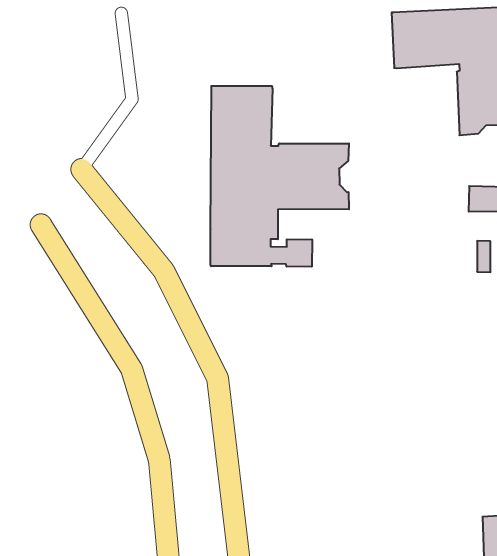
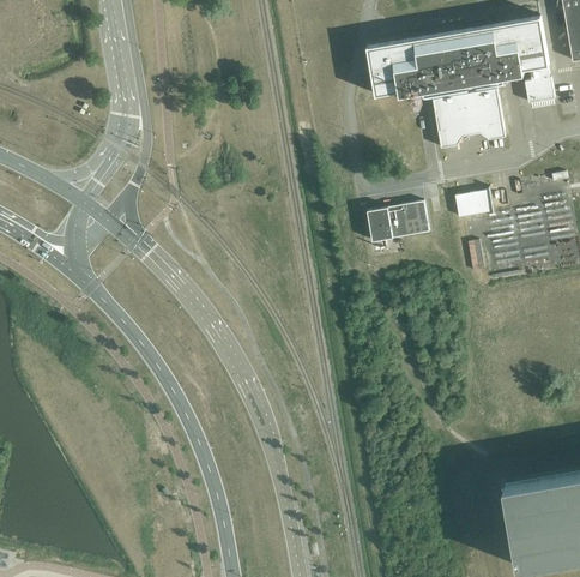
building: [211,86,349,267] -> none
building: none -> [368,202,430,240]

